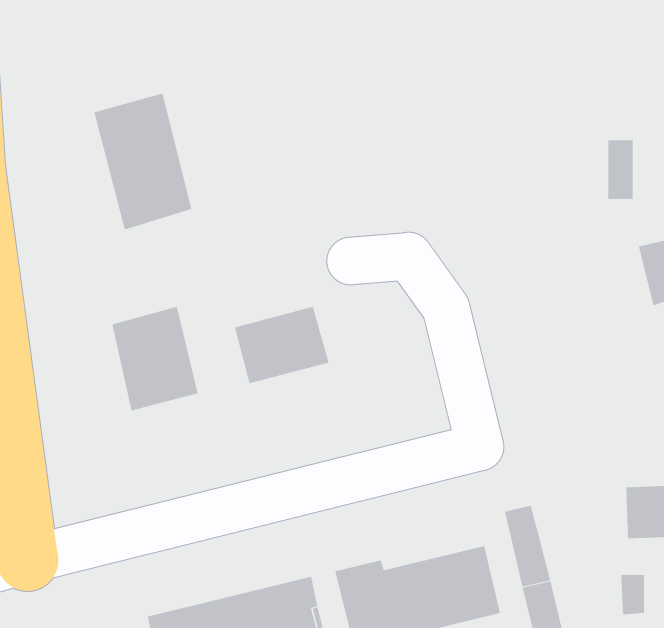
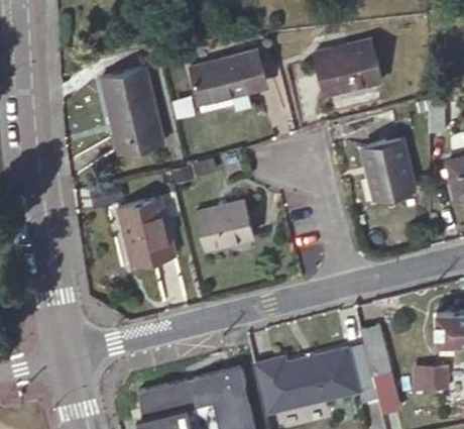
building: none -> [313,37,379,93]
building: none -> [190,49,268,104]
building: none -> [362,136,412,198]

